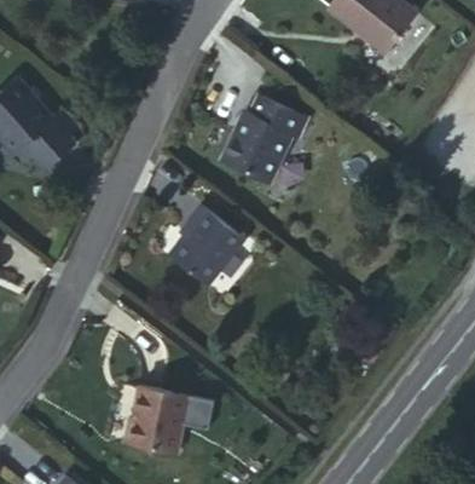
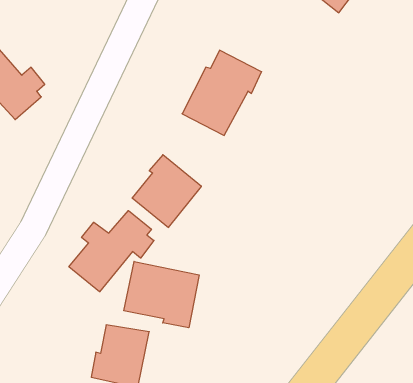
building: none -> [69,211,154,292]
building: none -> [124,261,199,328]

